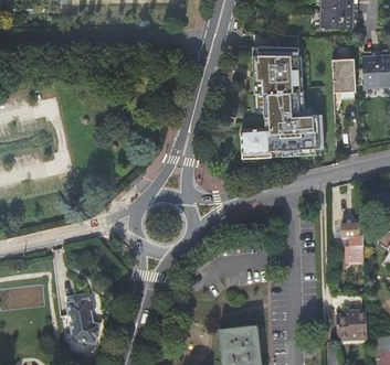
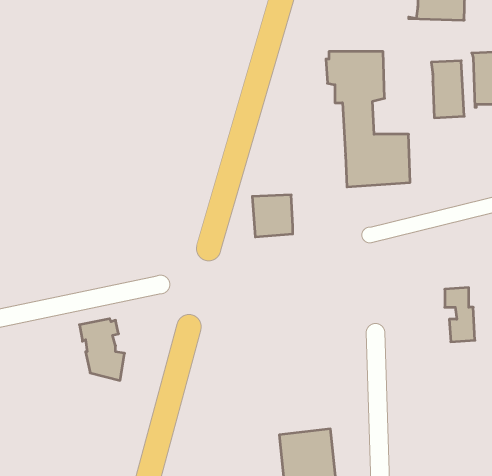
building: [240,127,270,158] -> [252,195,293,237]
building: [65,301,98,346] -> [79,319,125,380]
building: [336,311,367,341] -> none

